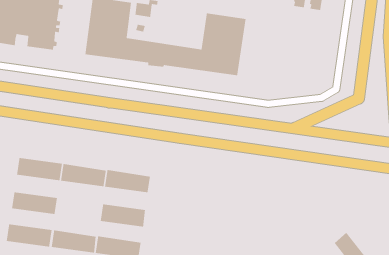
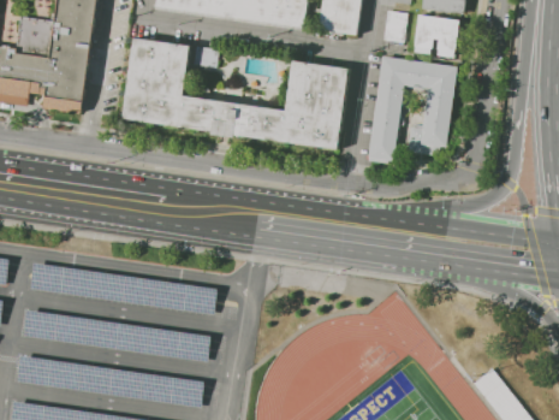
building: none -> [368,57,457,164]
building: none -> [83,319,148,353]

